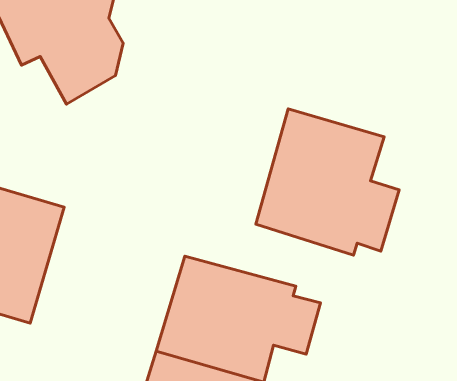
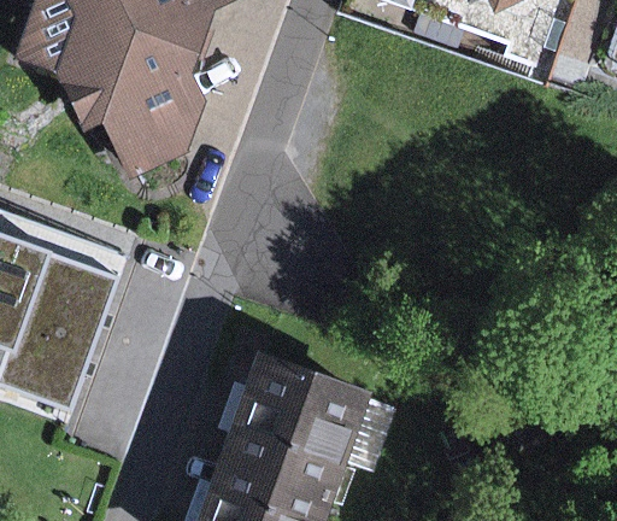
building: [256,109,399,255] -> none

